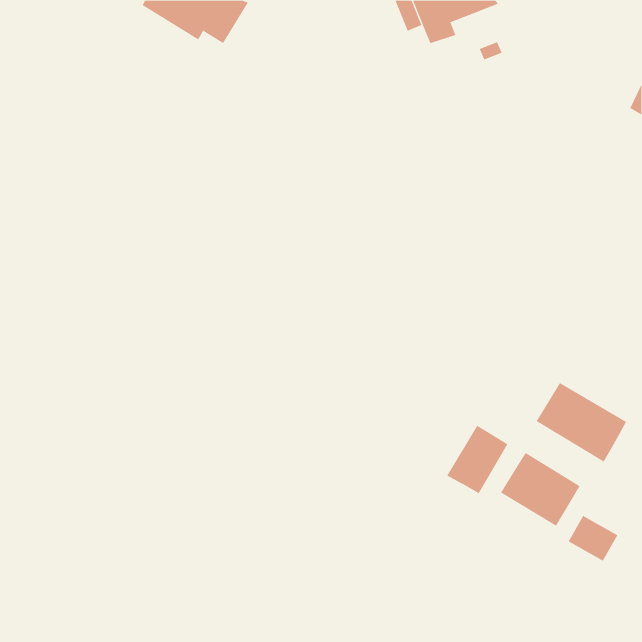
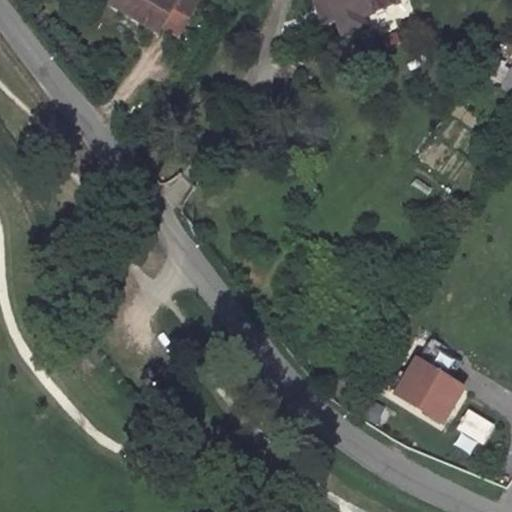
building: [536,382,627,462] -> none
building: [447,425,508,494] -> none

